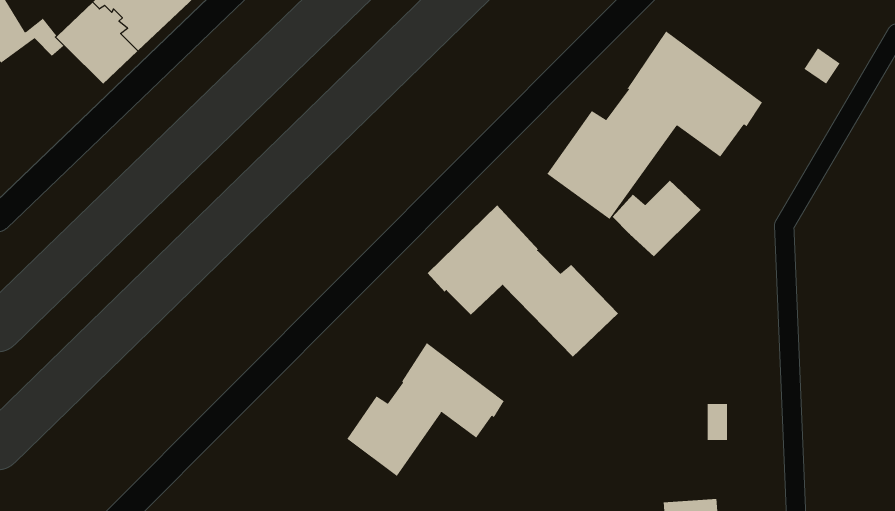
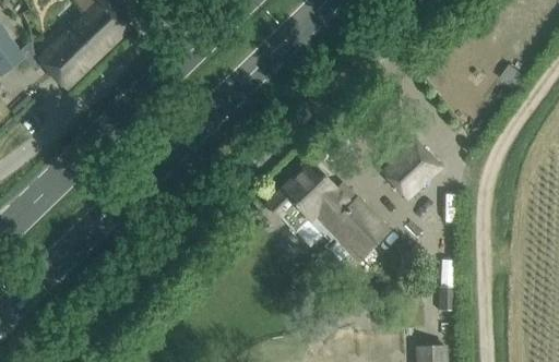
building: [547,31,763,220] -> none
building: [347,342,504,477] -> none

